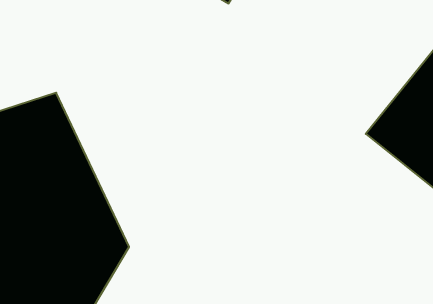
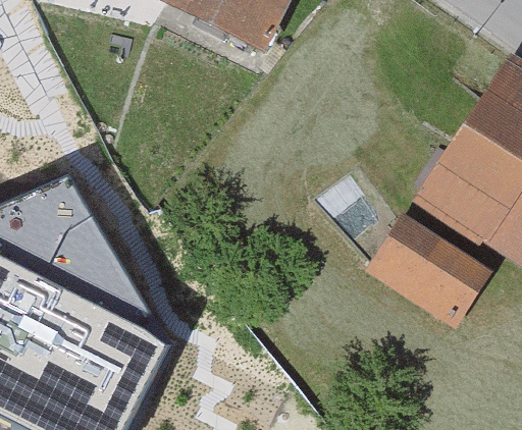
building: none -> [376,228,482,322]

